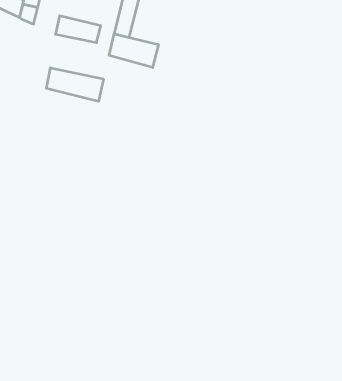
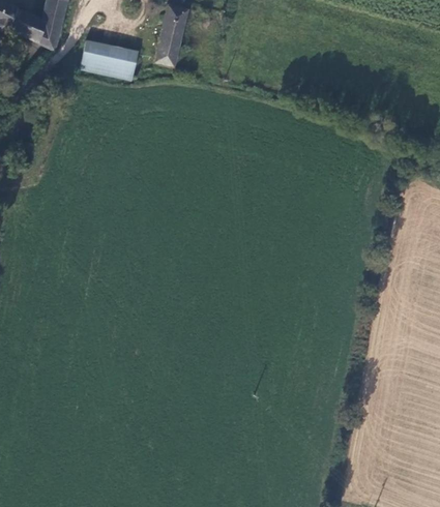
building: [109,34,158,68] -> none
building: [46,68,103,101] -> none

